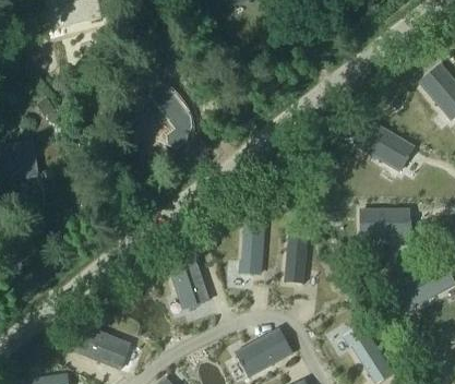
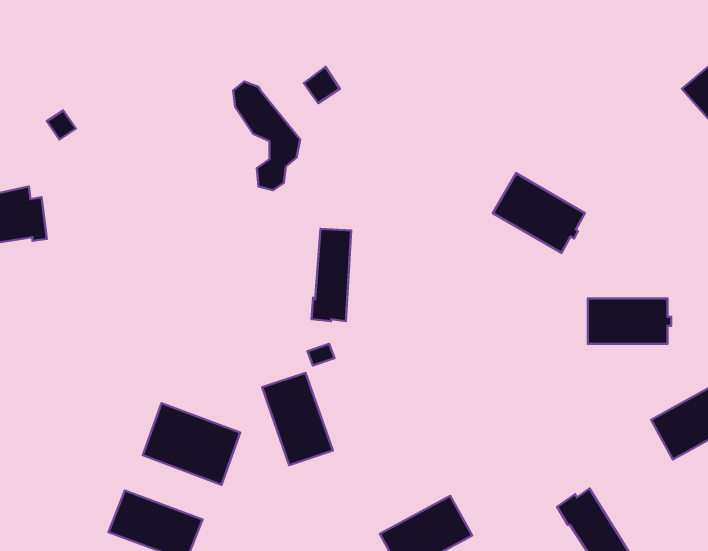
building: [358,123,414,171] -> [493,173,585,253]
building: [241,218,265,274] -> [311,229,351,321]
building: [286,231,309,281] -> none
building: none -> [143,403,240,485]

